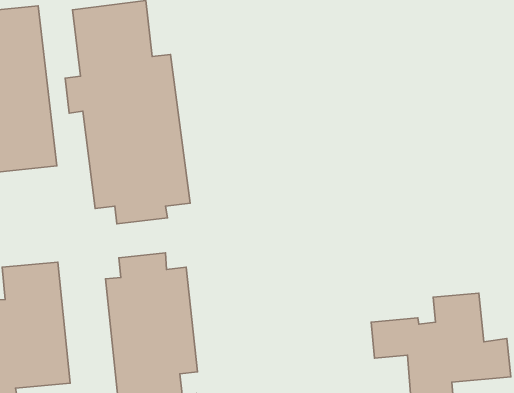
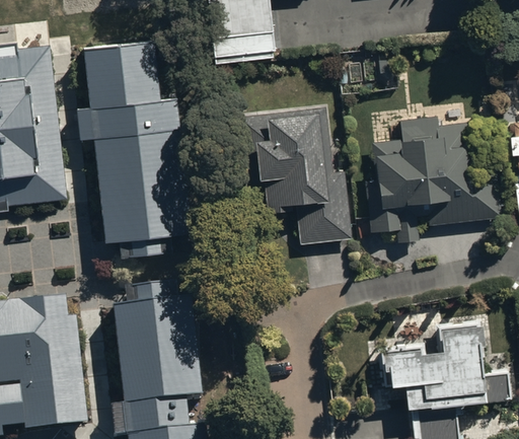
building: none -> [240,105,349,246]
building: none -> [359,116,493,244]

